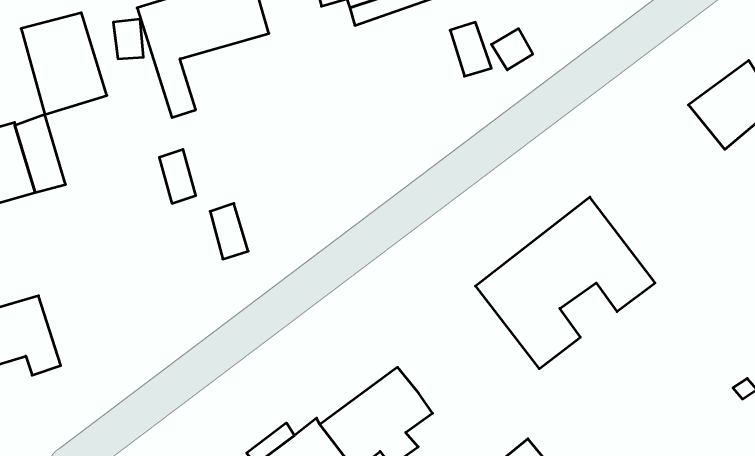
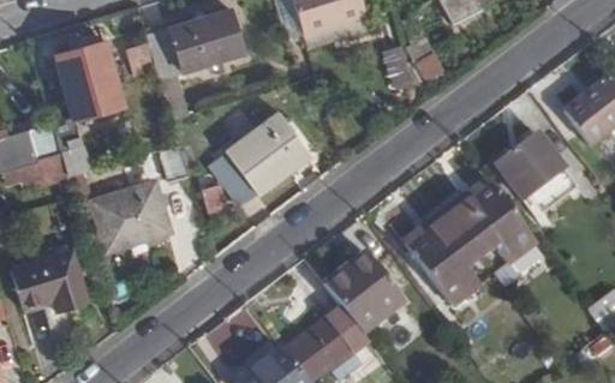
building: none -> [225,110,309,192]
building: none -> [496,133,579,221]
building: none -> [95,185,171,251]
building: none -> [322,250,396,327]

